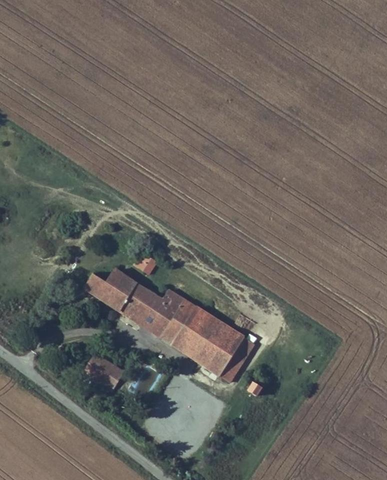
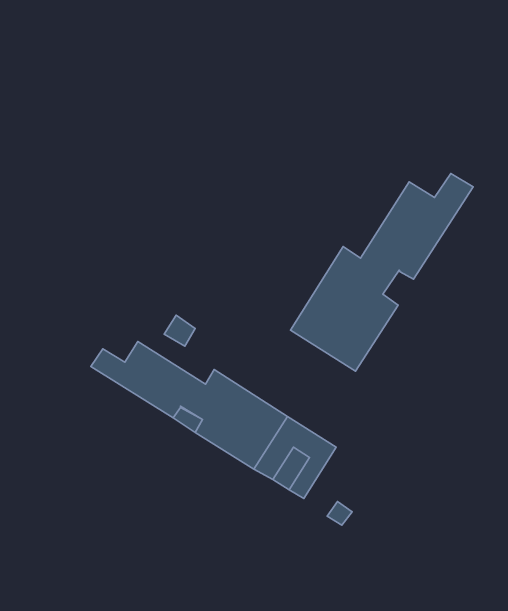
building: none -> [290,173,473,371]
building: [85,353,125,389] -> none

